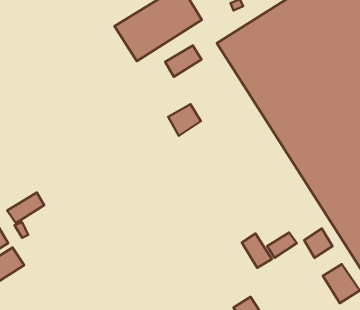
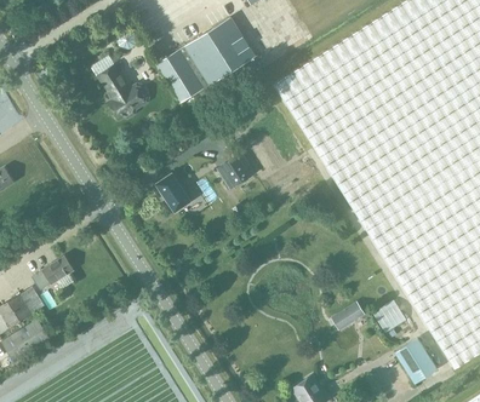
building: none -> [98,64,152,120]
building: [165,45,202,77] -> none
building: none -> [155,173,190,214]
building: [242,233,272,268] -> none

